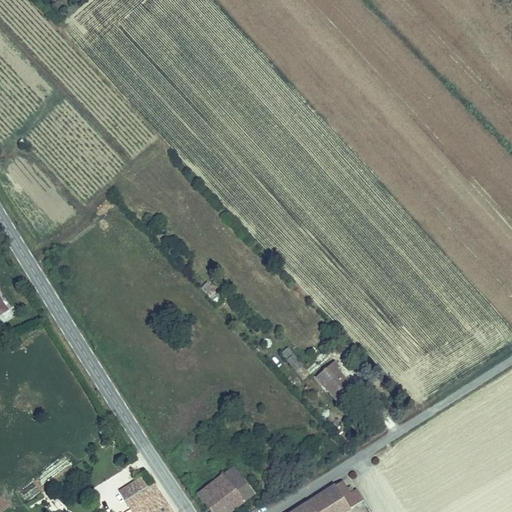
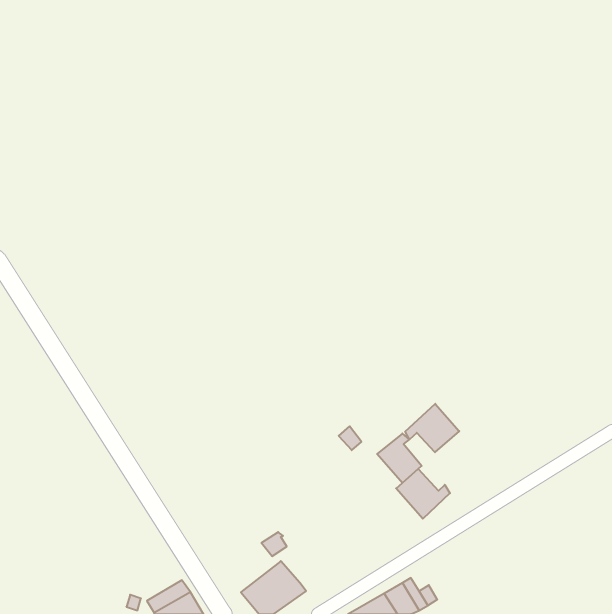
building: none -> [405,404,459,452]
building: none -> [396,469,450,519]

